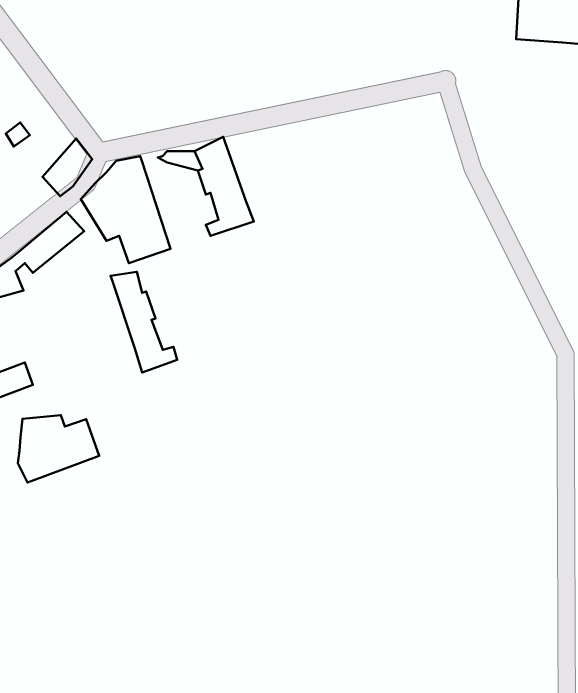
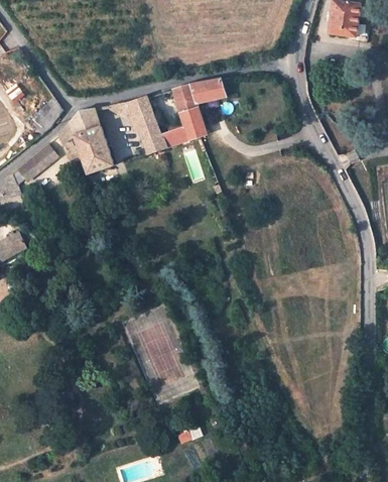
building: none -> [160,78,226,148]
building: [111,272,177,373] -> none
building: [18,415,99,483] -> none

